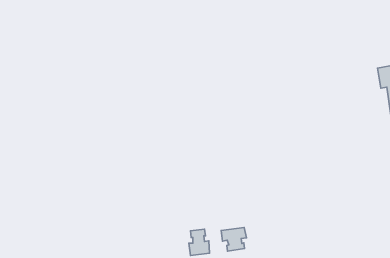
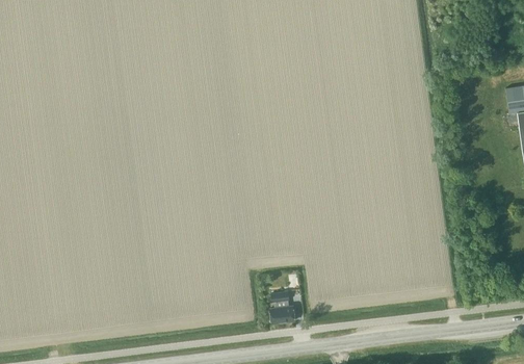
building: [221,227,246,251] -> none

